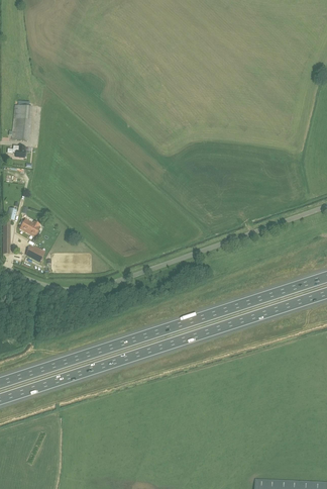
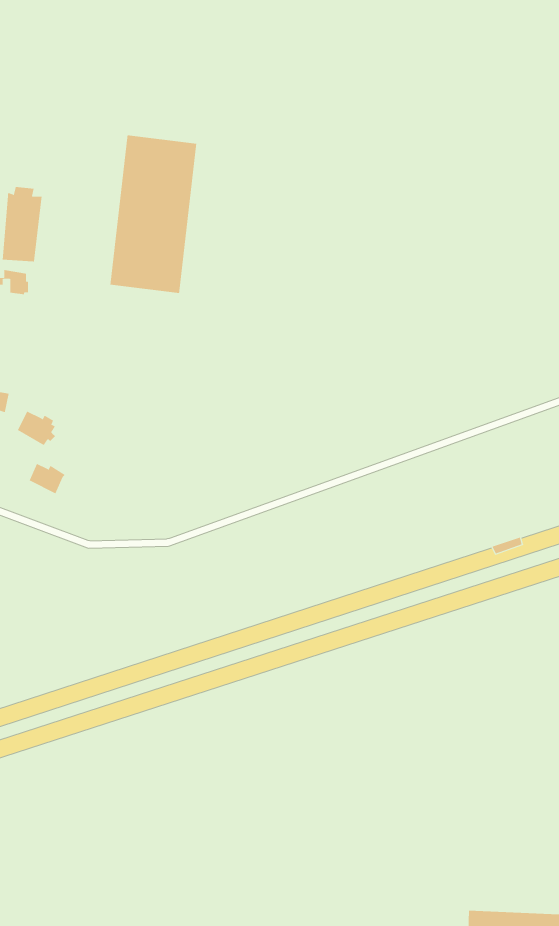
building: none -> [110,134,197,294]

